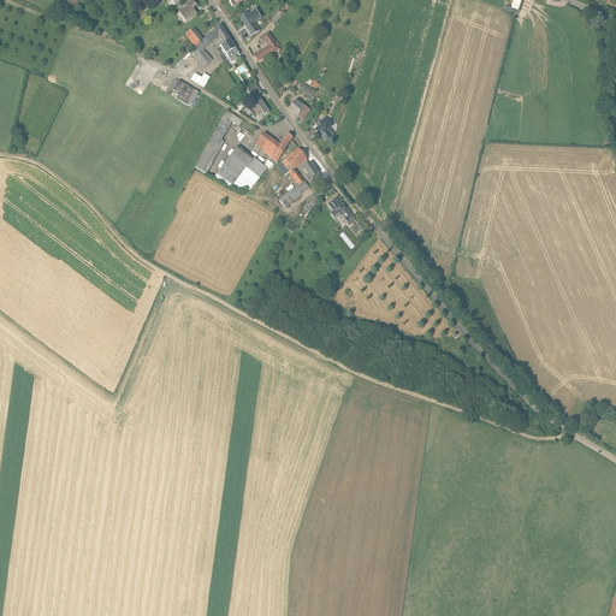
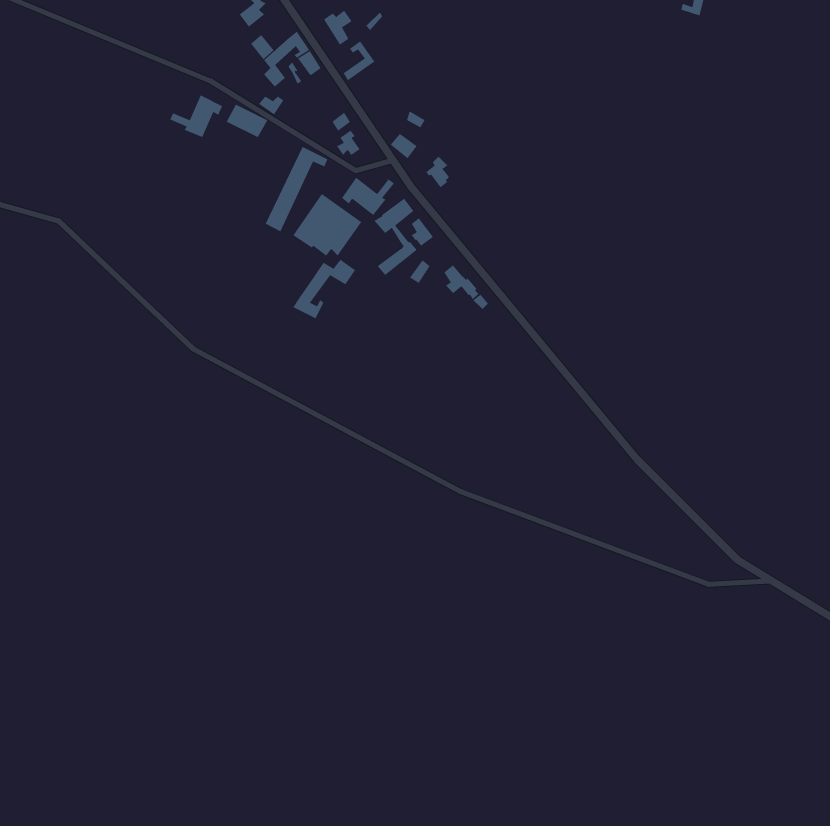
building: none -> [169,95,223,138]
building: none -> [293,259,356,319]

